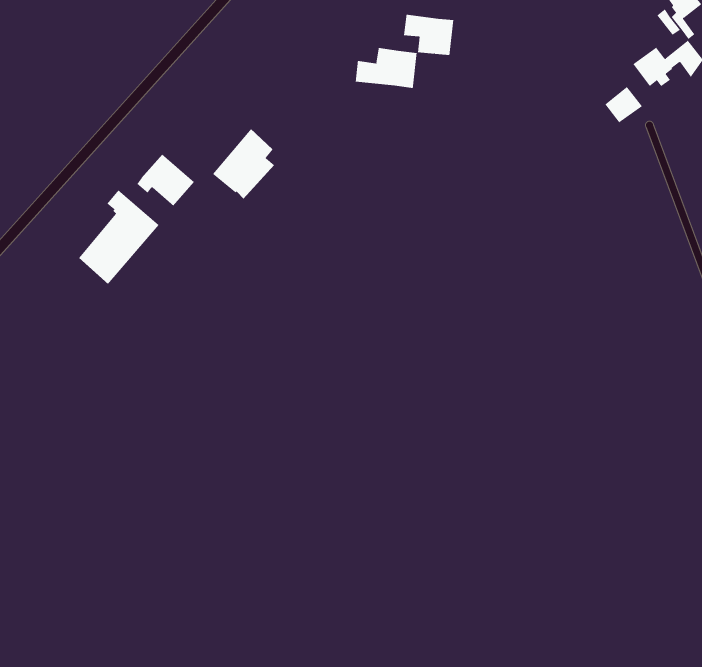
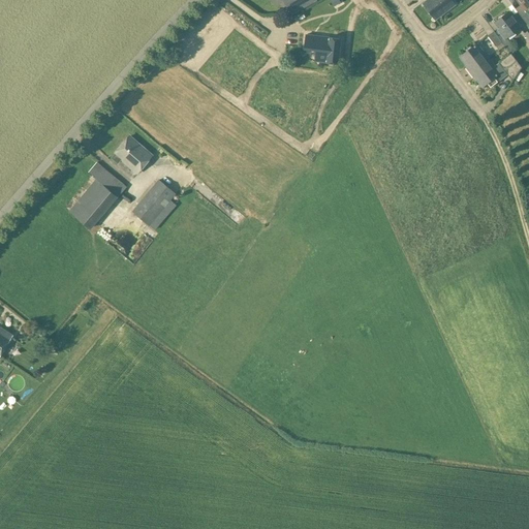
building: [355,47,417,89] -> none
building: [604,86,643,123] -> [460,43,488,70]
building: [212,128,275,199] -> [131,179,177,230]

